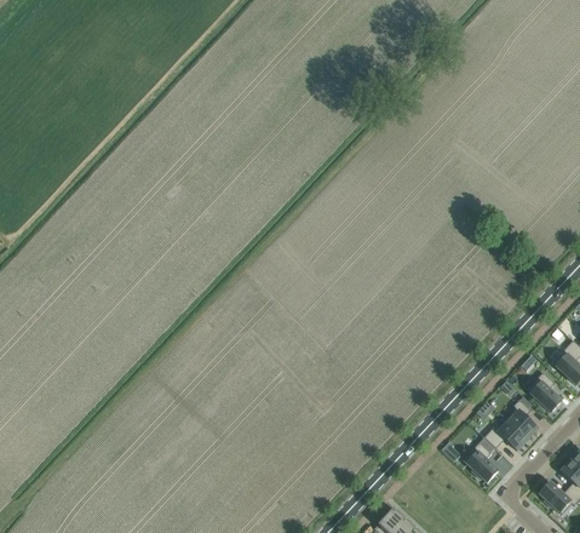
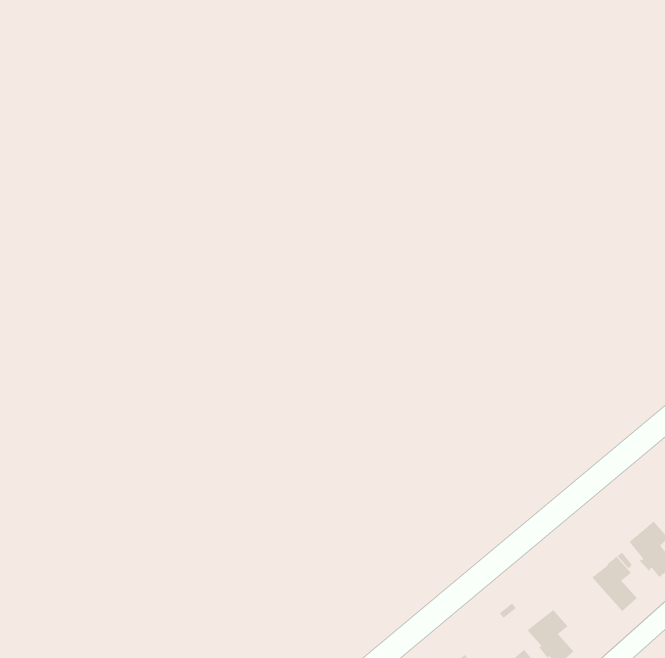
building: [486,418,529,452] -> none

